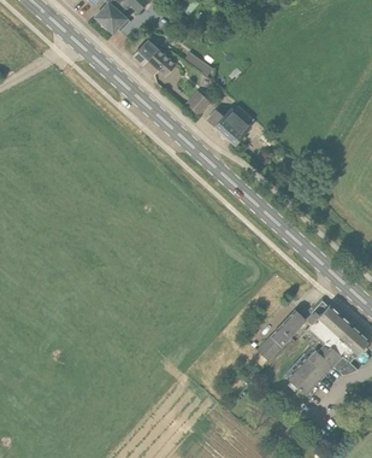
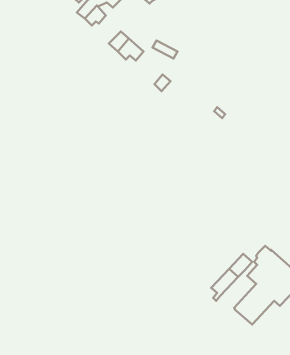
building: [208,107,252,145] -> none

